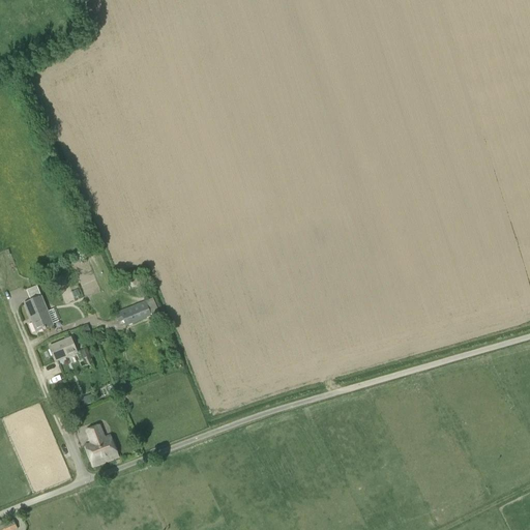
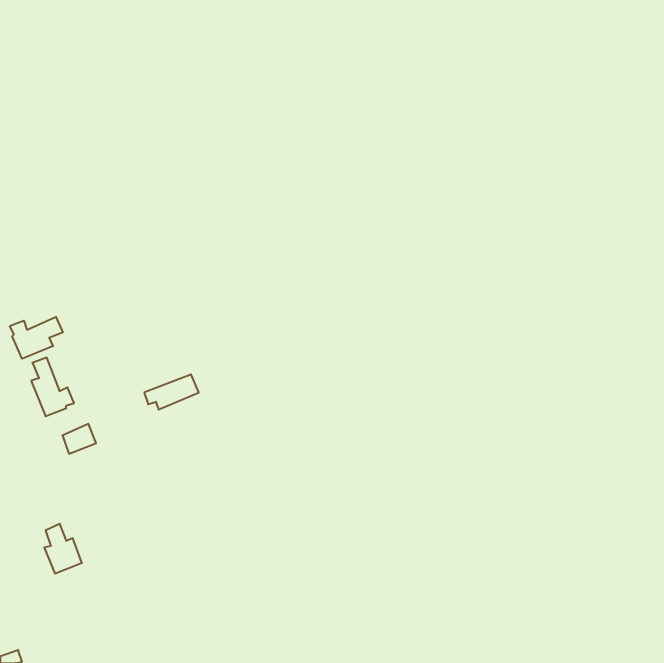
building: none -> [10,317,63,359]
building: [86,425,116,465] -> [44,524,82,573]

